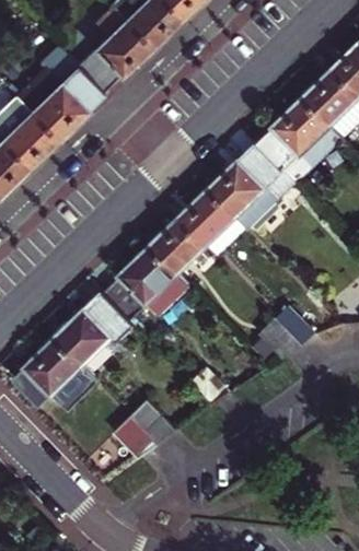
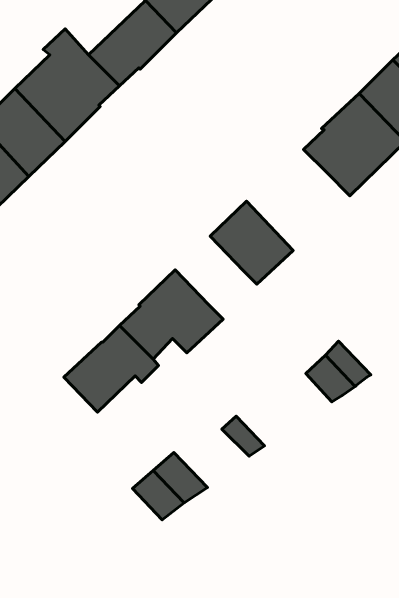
building: [211,142,299,228] -> none
building: [151,215,209,273] -> none
building: [15,335,102,410] -> none

